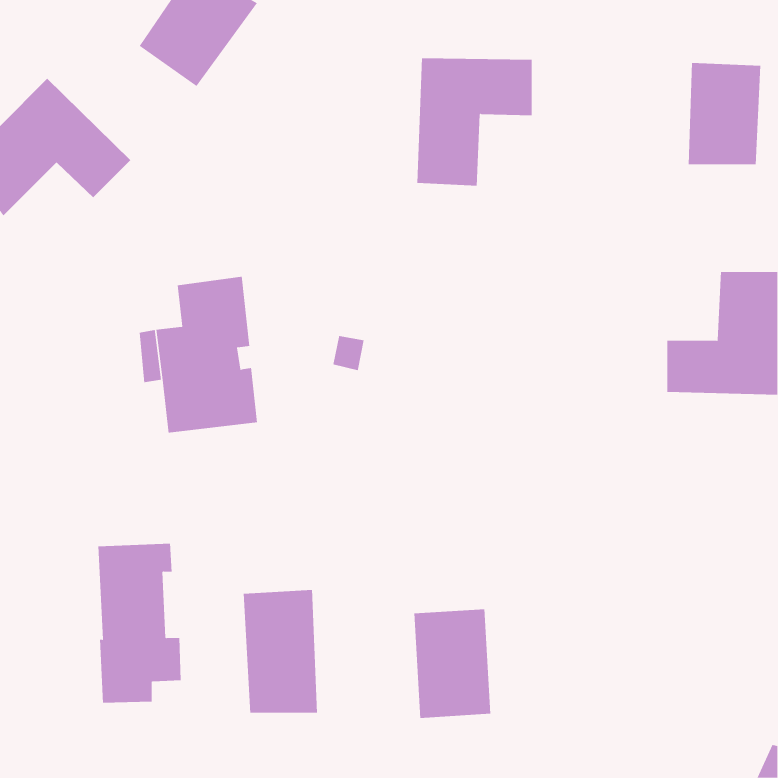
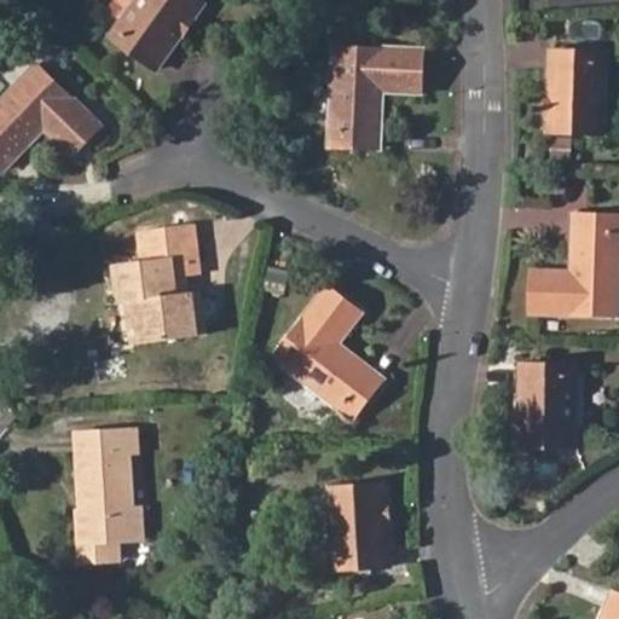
building: none -> [272,287,383,420]
building: none -> [516,364,574,445]
building: [243,589,318,714] -> none

